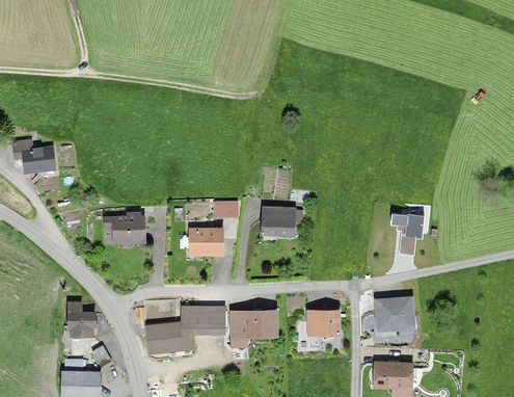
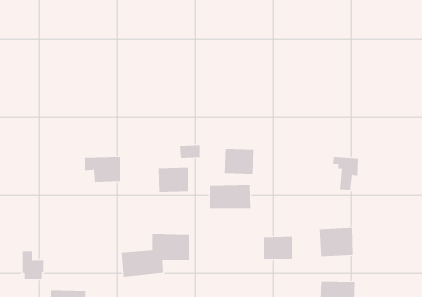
building: [9,139,54,175] -> none
building: [66,302,92,336] -> [22,251,44,280]
building: [228,311,277,339] -> [209,185,251,209]

